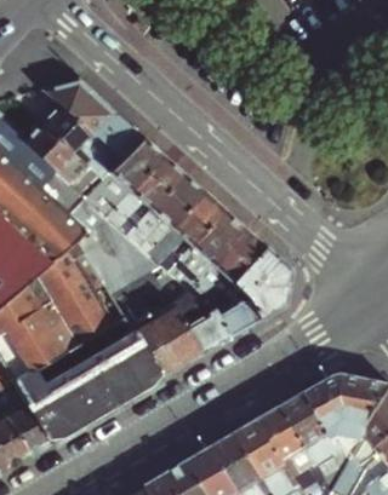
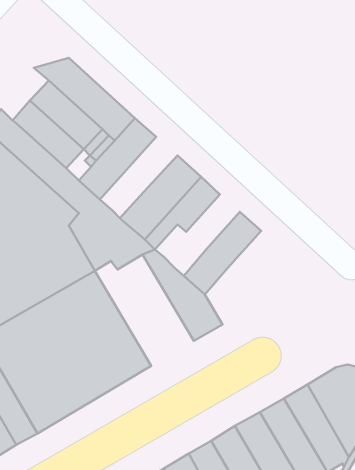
building: [105,156,181,228] -> none
building: [167,212,241,290] -> none
building: [207,247,287,338] -> none
building: [101,270,196,378] -> none

